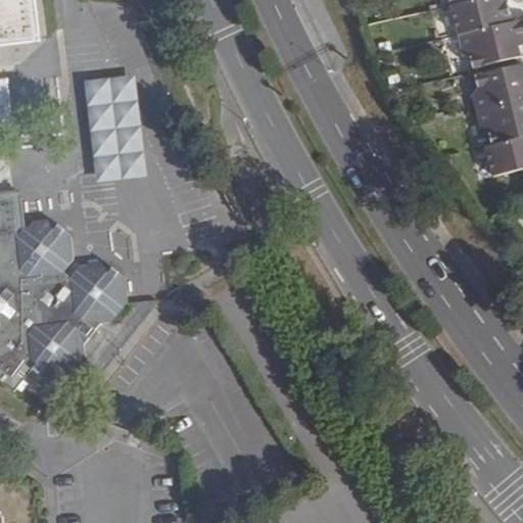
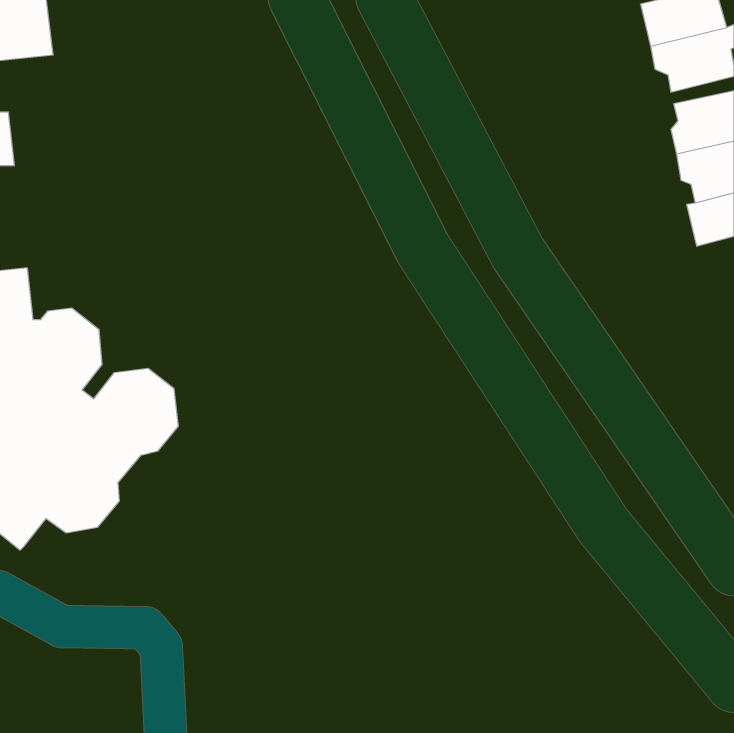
building: [84,73,142,180] -> none

